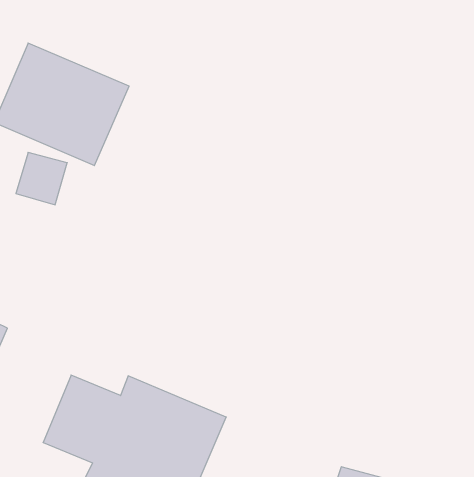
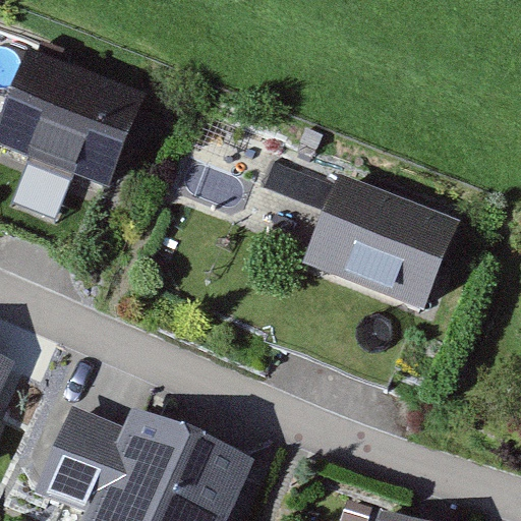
building: none -> [291,168,452,312]

